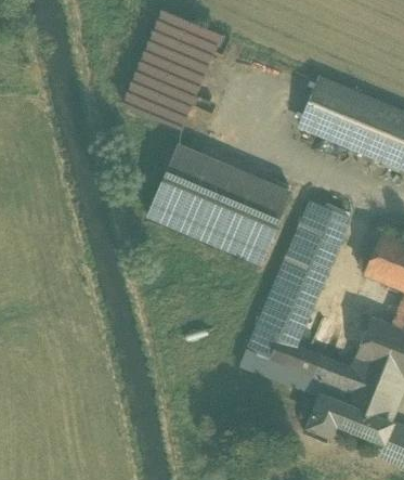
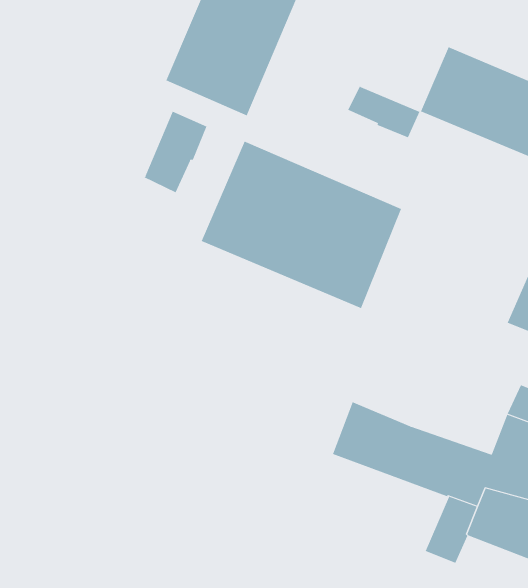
building: none -> [347,85,420,138]
building: none -> [144,111,207,193]
building: [253,202,349,346] -> none

